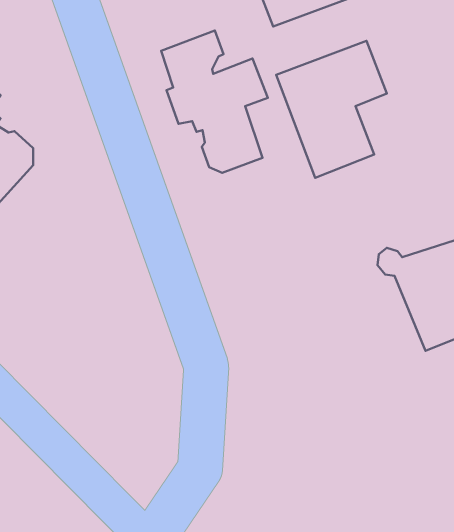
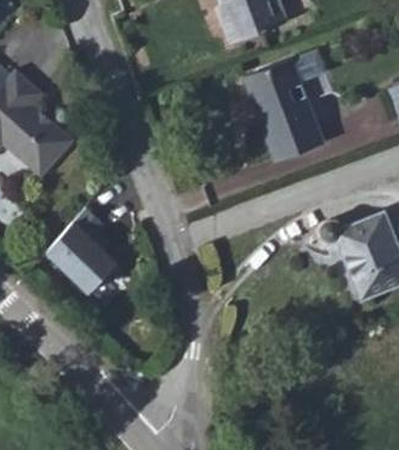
building: [161,31,268,173] -> none
building: none -> [41,210,122,304]

